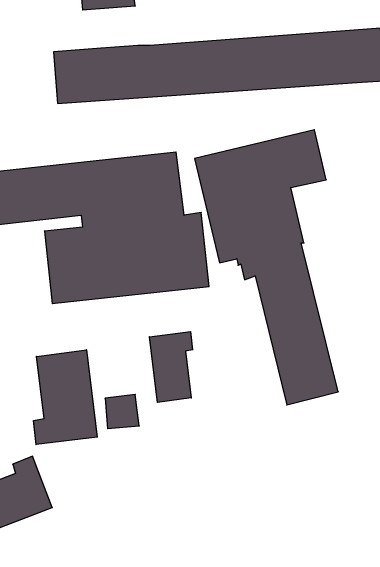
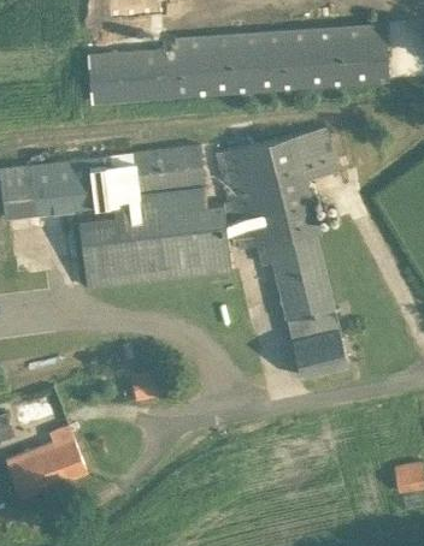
building: [149,332,193,402] -> none
building: [34,350,97,445] -> none

